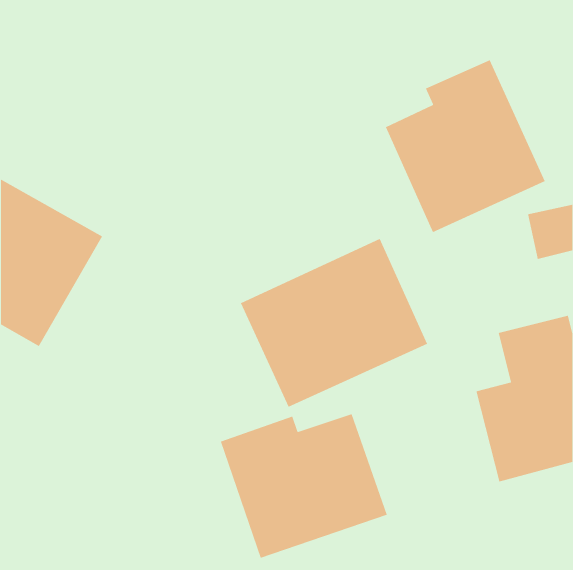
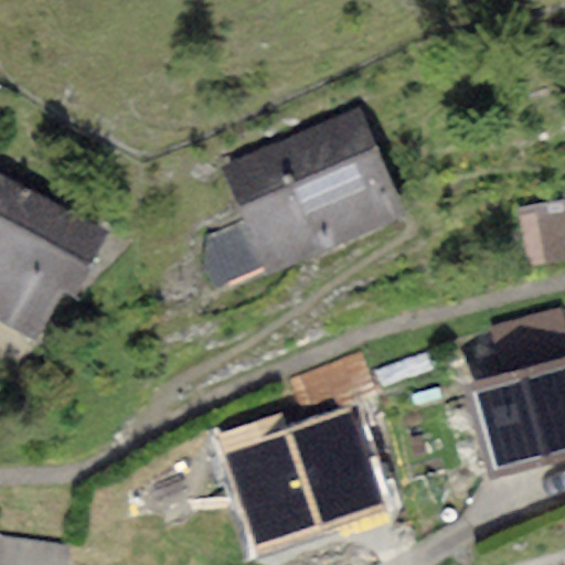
building: [385,59,546,233] -> none
building: [240,238,428,408] -> [224,106,409,274]

